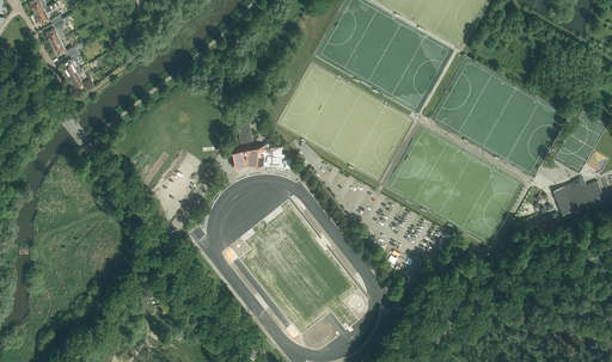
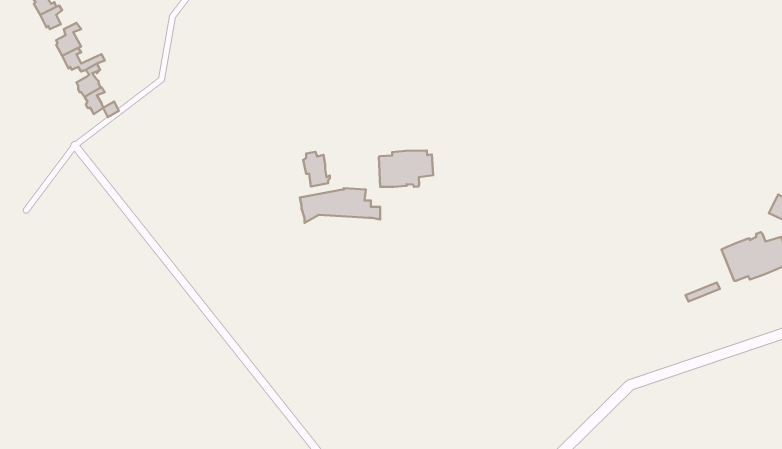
building: none -> [379,151,433,187]

